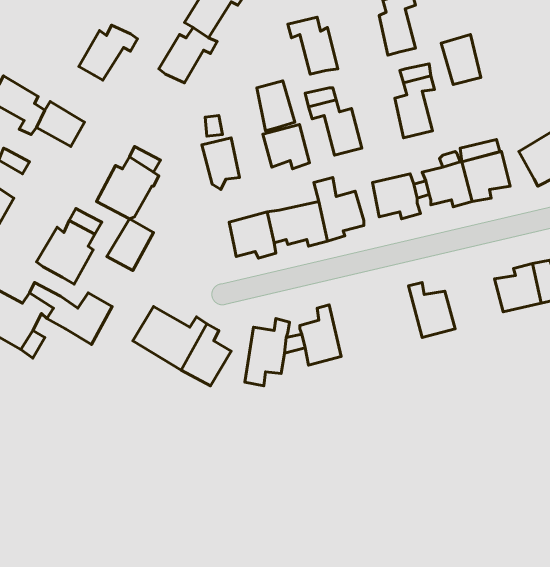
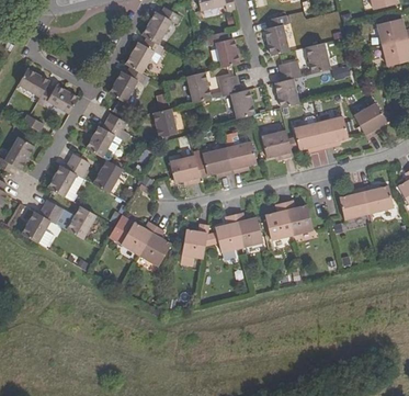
building: [79,25,137,80] -> [109,67,146,102]
building: [263,125,309,169] -> none
building: none -> [264,202,293,240]
building: none -> [234,212,263,247]

